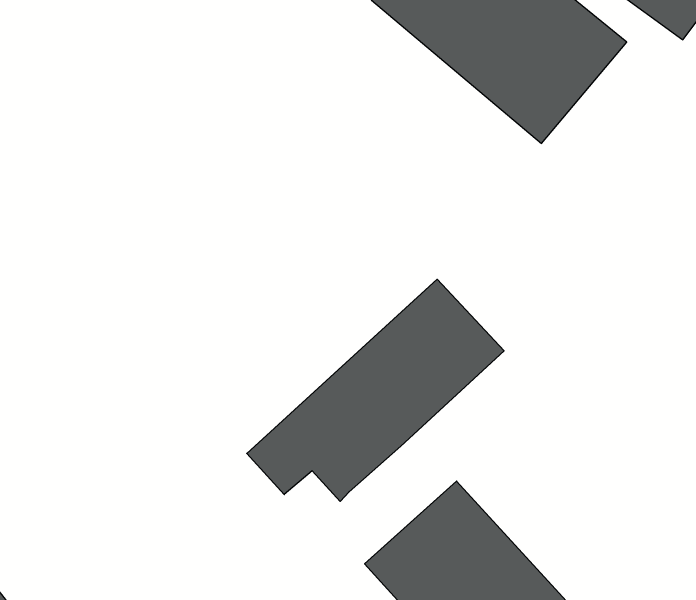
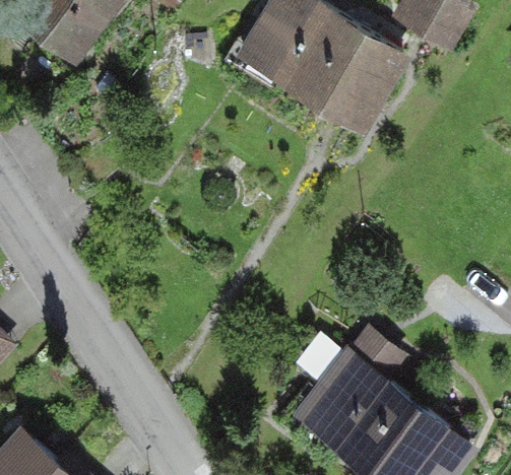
building: [247,279,504,501] -> none

